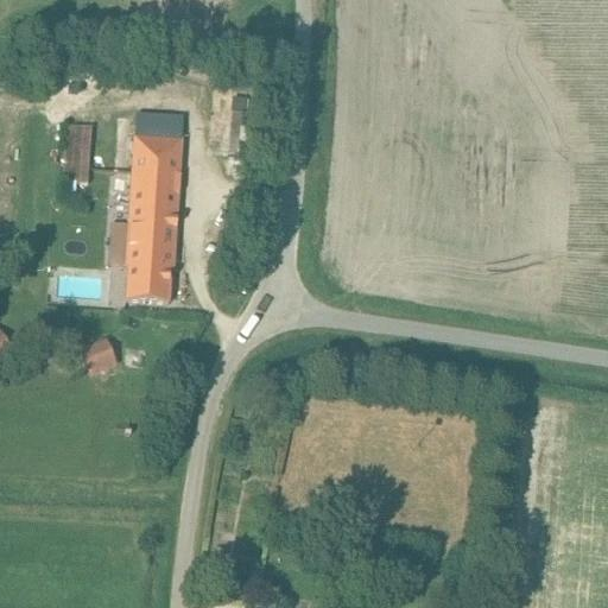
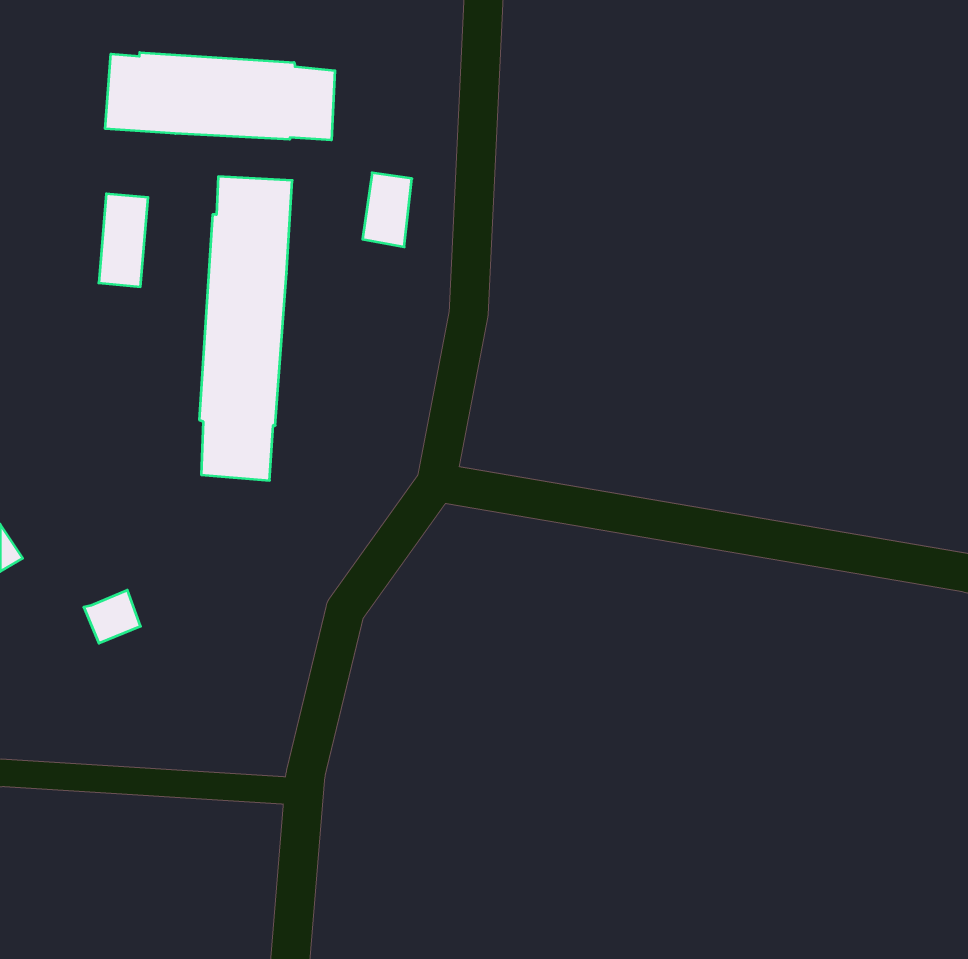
building: none -> [105,52,335,140]
building: [81,337,116,370] -> [84,590,141,643]

